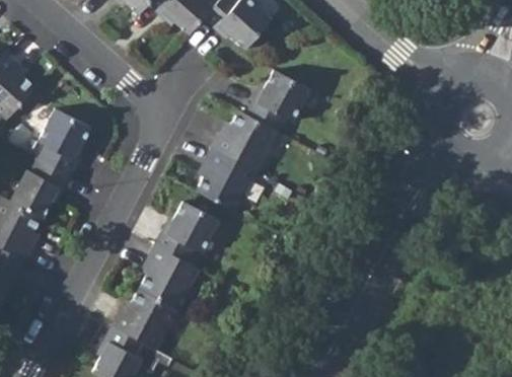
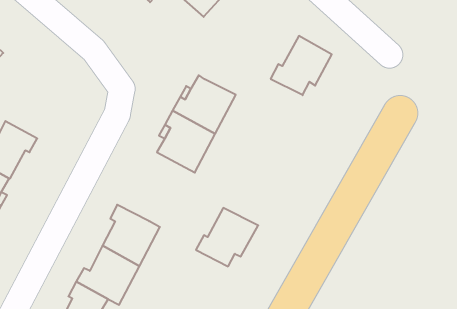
building: [245,69,309,131] -> [271,36,332,95]
building: [38,110,90,175] -> none
building: [154,201,219,261] -> [196,208,258,266]

